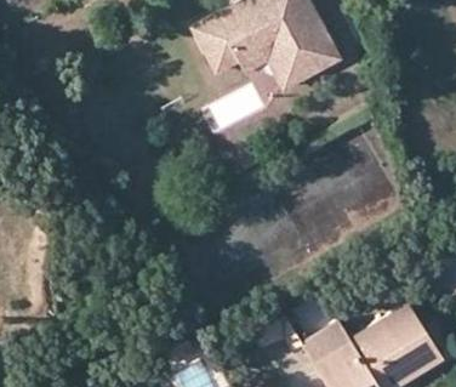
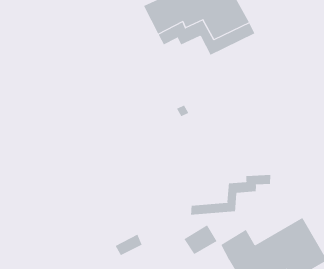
building: none -> [191,174,271,215]

